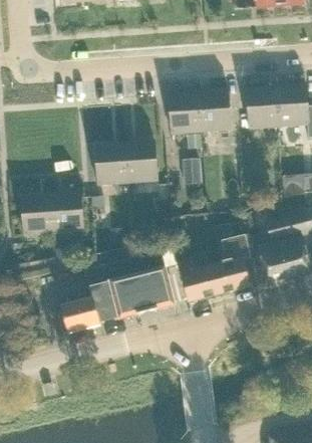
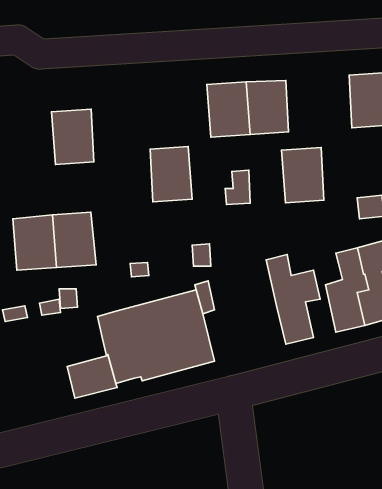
building: [247,85,279,128] -> [282,147,324,203]
building: [95,142,127,184] -> [52,109,94,165]
building: [179,256,229,301] -> none

